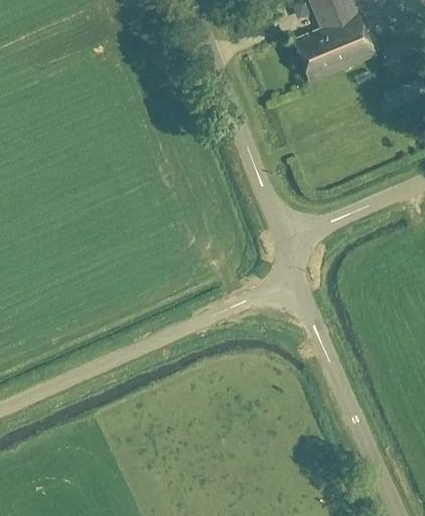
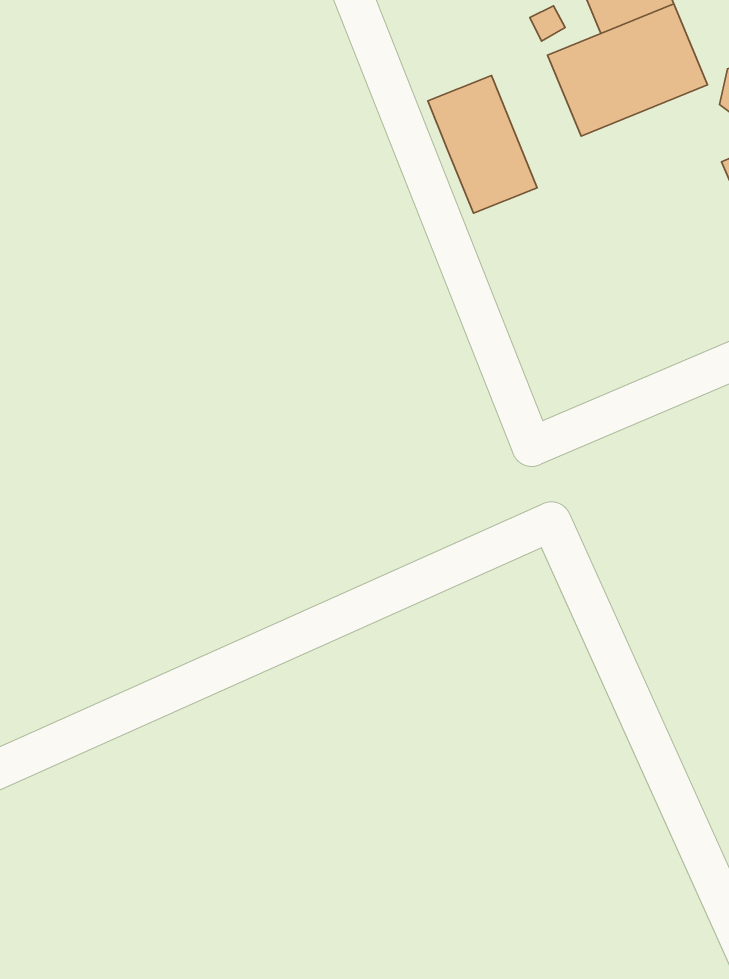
building: none -> [428,76,537,213]

